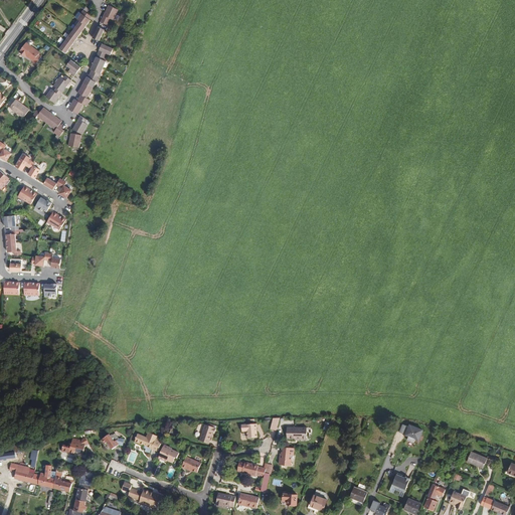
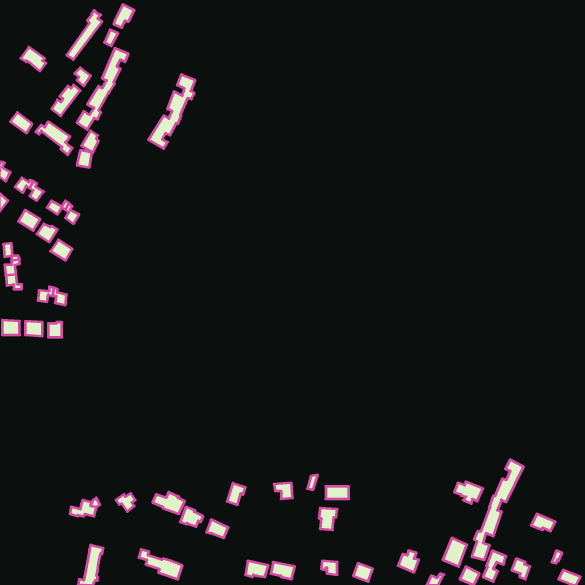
building: none -> [148,74,195,149]
building: none -> [472,460,523,560]
building: [236,462,271,491] -> none
building: [9,463,72,492] -> none

